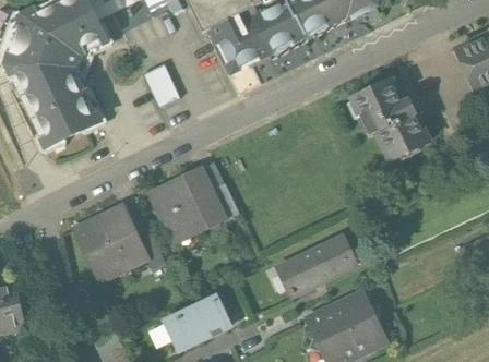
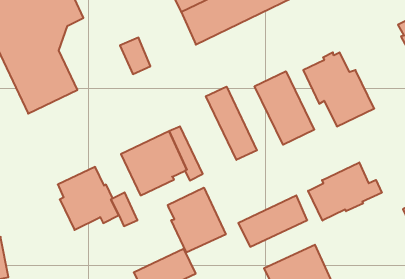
building: none -> [255,71,314,145]
building: none -> [206,87,257,160]
building: none -> [308,162,382,221]
building: none -> [168,188,226,253]

